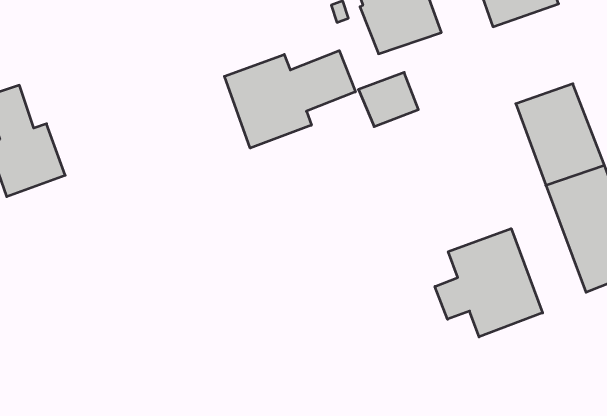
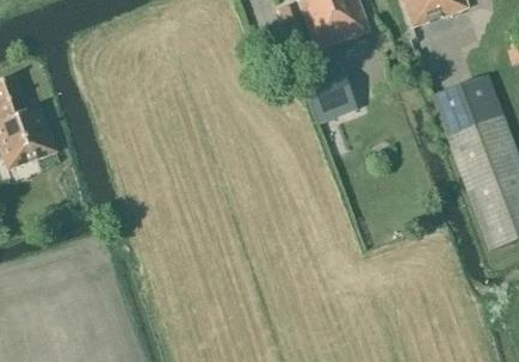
building: [224,51,355,148] -> none
building: [435,229,543,337] -> none

